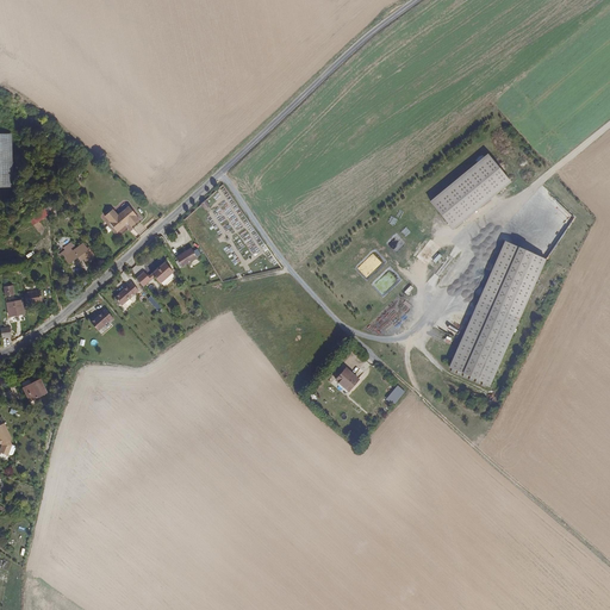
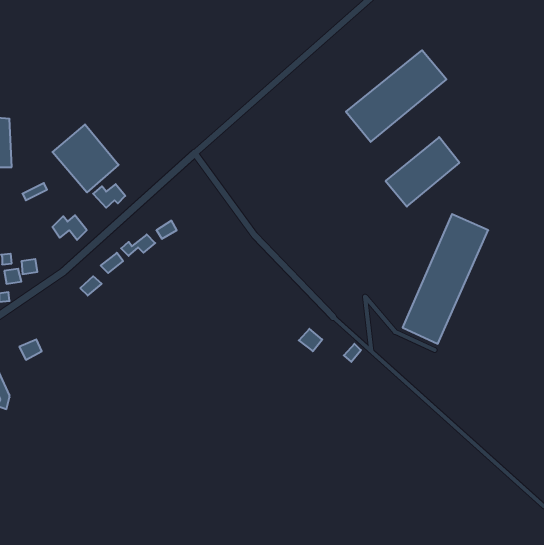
building: none -> [346,50,446,142]
building: none -> [52,124,119,192]

